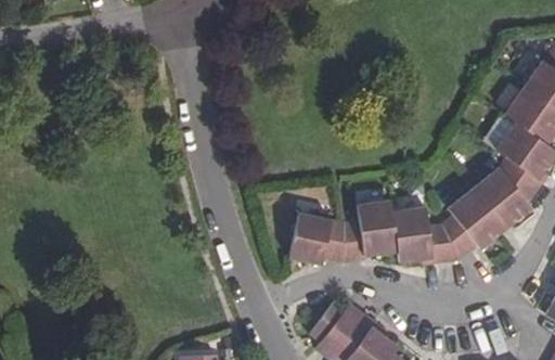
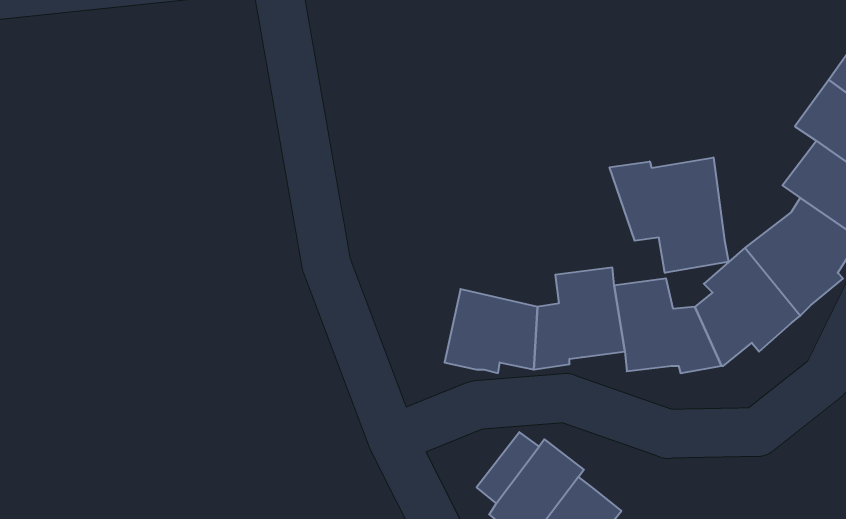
building: none -> [610,157,729,273]

